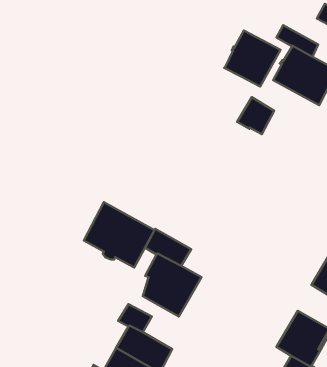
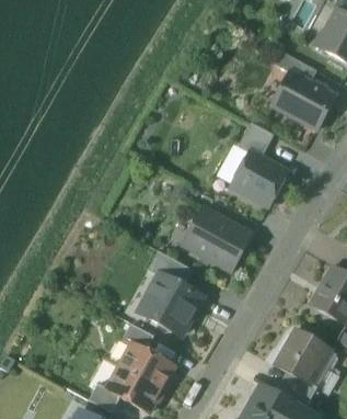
building: [224,30,280,87] -> none
building: none -> [230,150,287,205]
building: [84,202,155,267] -> [182,206,251,270]

